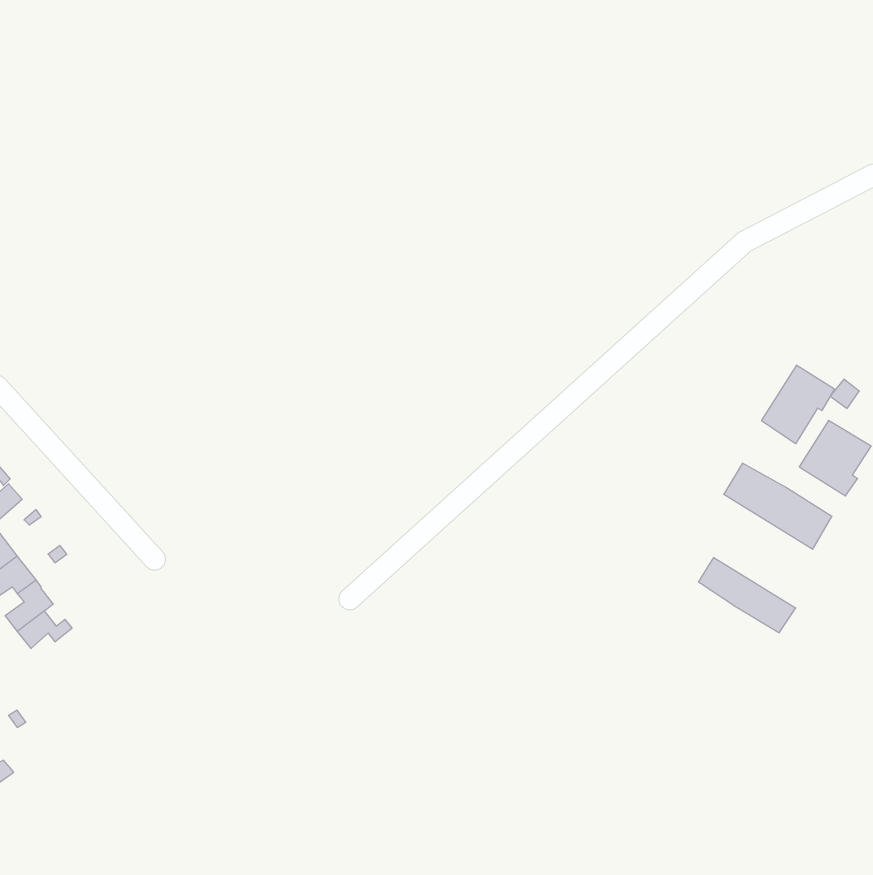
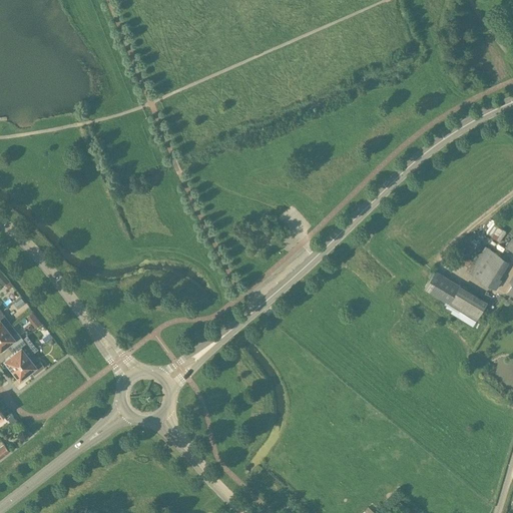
building: [762,365,834,444] -> none
building: [699,558,796,633] -> none

